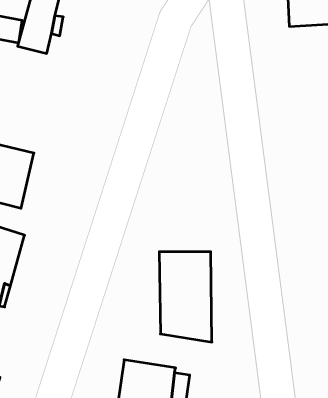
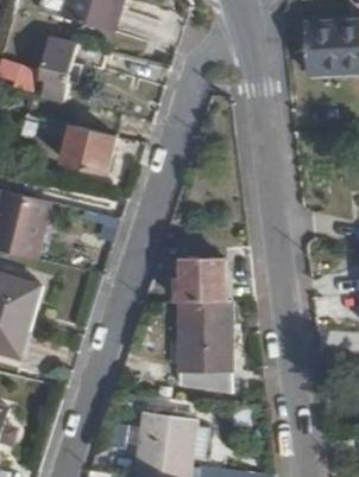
building: none -> [63,126,115,172]
building: none -> [174,257,225,301]

